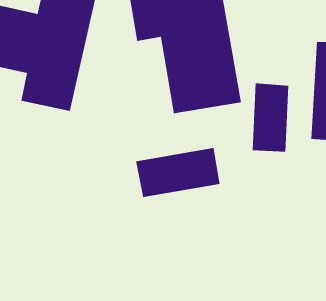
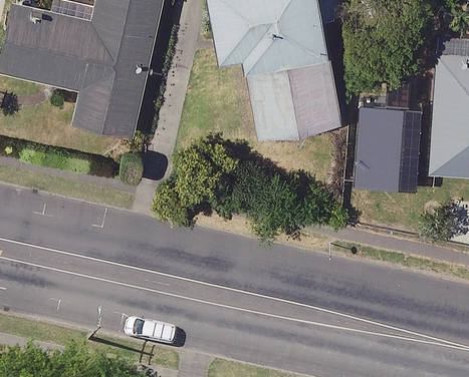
building: [136,147,220,198] -> none

